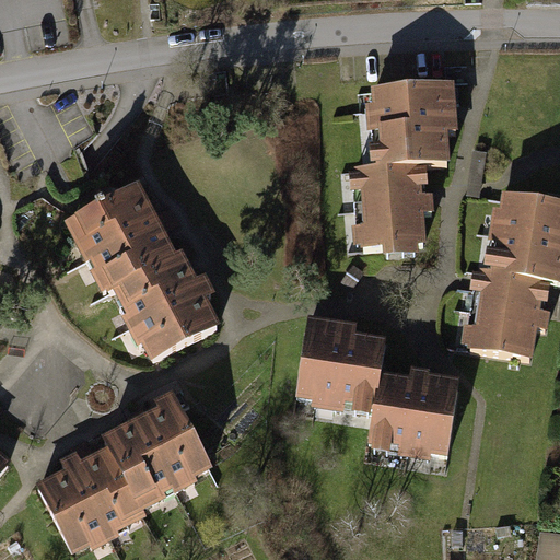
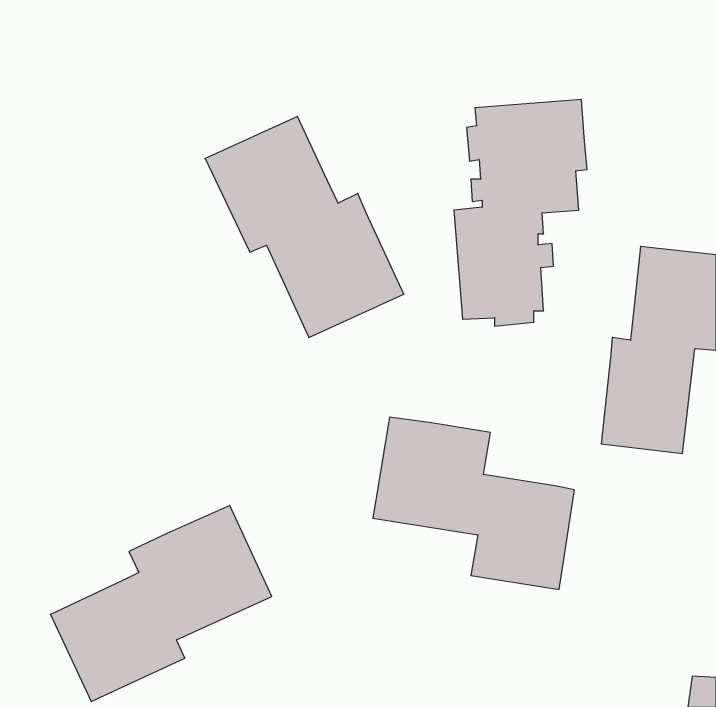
building: [67,182,222,354] -> [205,116,404,338]

